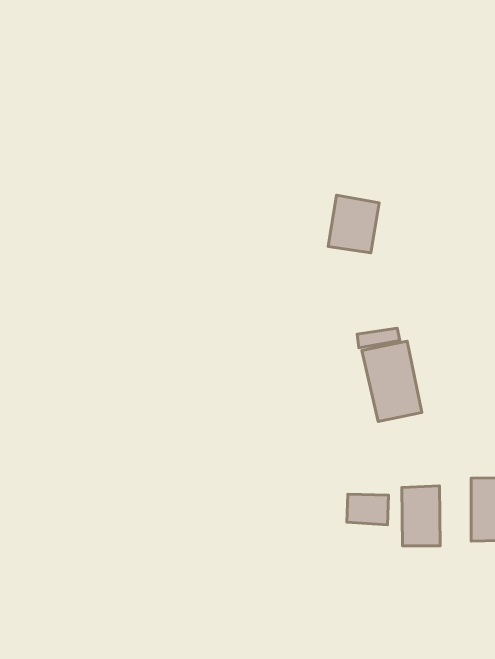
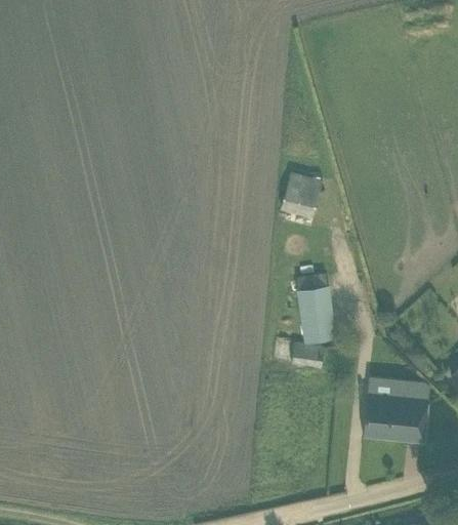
building: [402,486,440,546] -> none
building: [347,494,389,525] -> [290,341,323,367]

